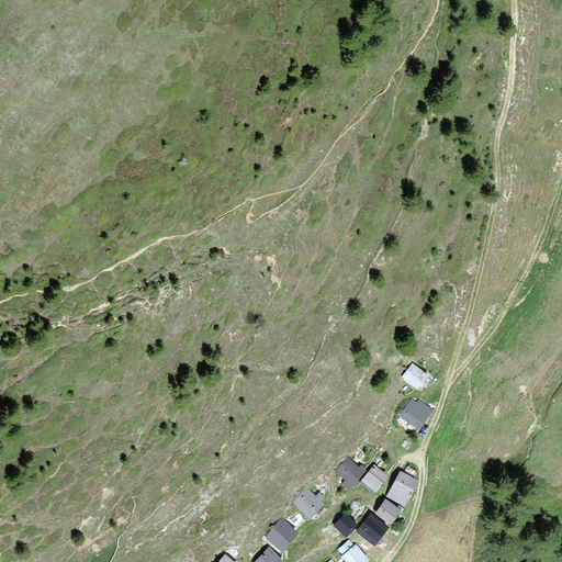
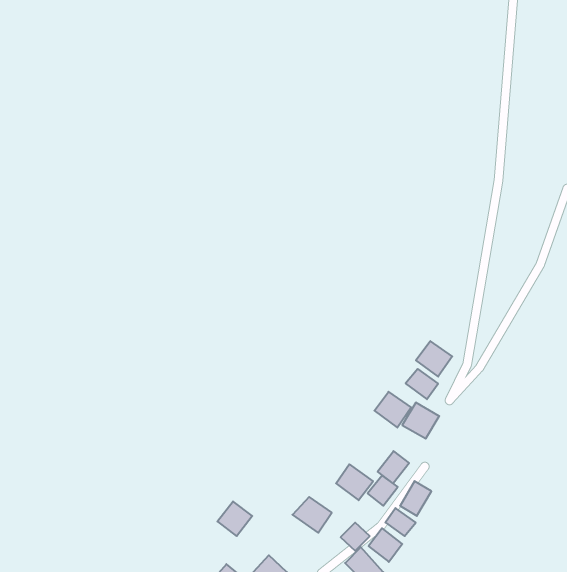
building: none -> [416,341,452,377]
building: none -> [374,392,411,428]
building: none -> [378,451,409,483]
building: [263,518,297,552] -> [217,501,252,536]

